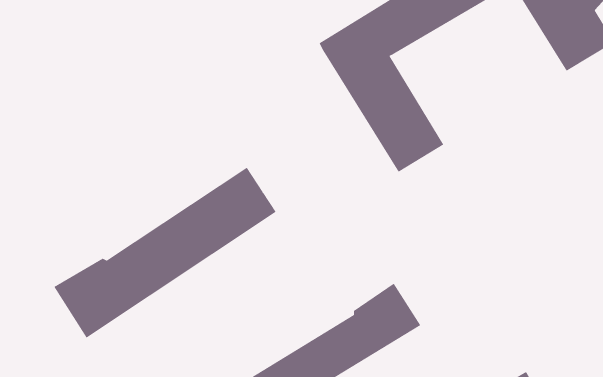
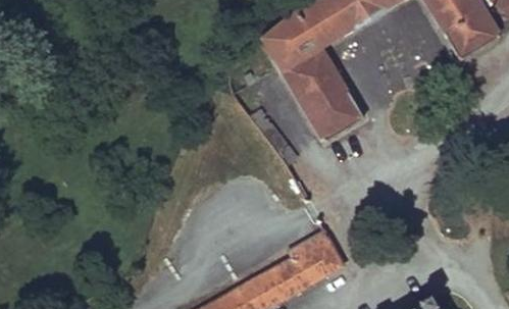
building: [53,167,276,338] -> none

